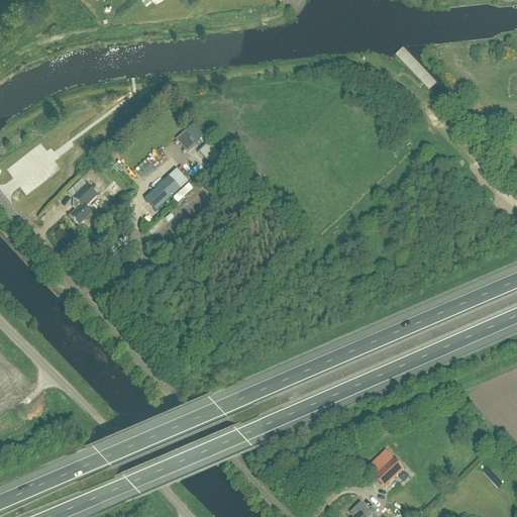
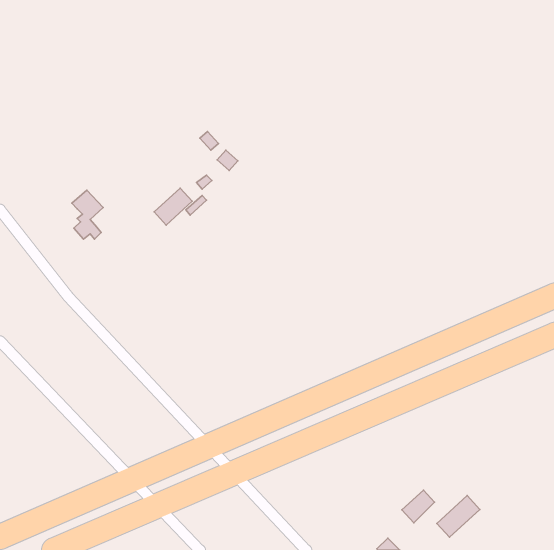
building: none -> [437,496,480,537]

